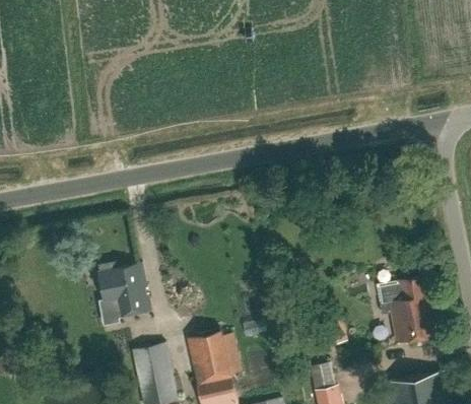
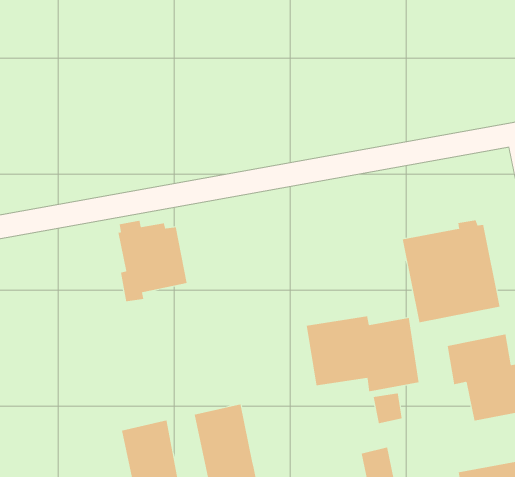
building: none -> [402,220,500,323]
building: [98,264,151,326] -> [117,220,187,302]
building: none -> [306,316,419,392]

